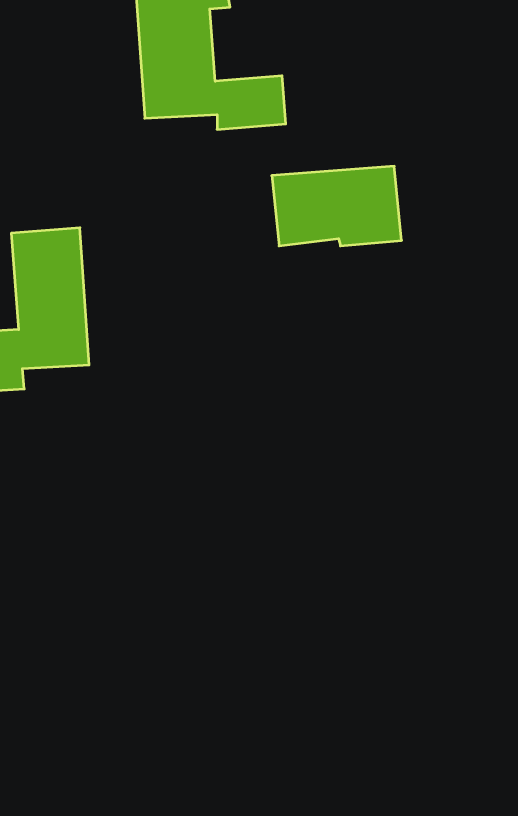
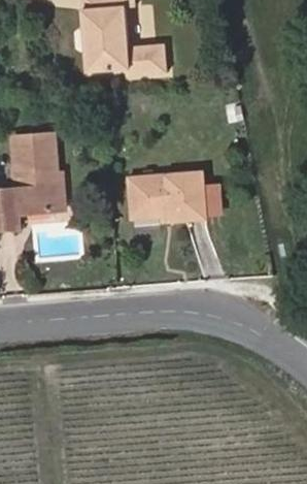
building: [272,166,402,246] -> [129,176,201,221]

